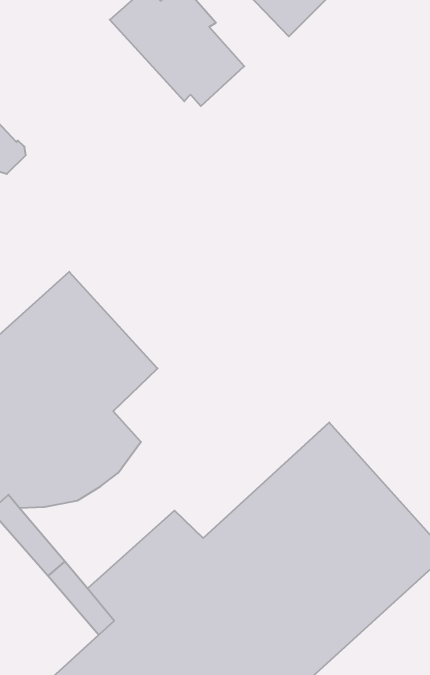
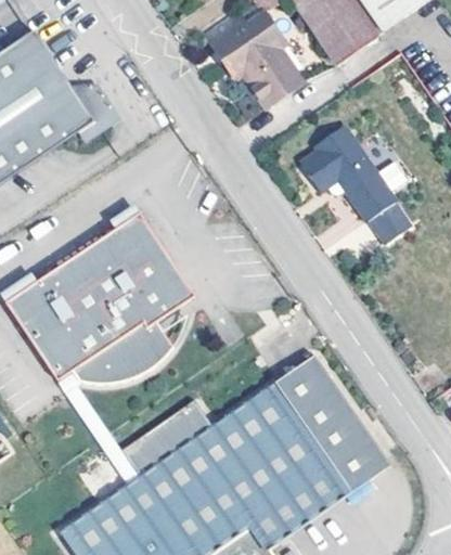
building: none -> [296,120,409,242]

